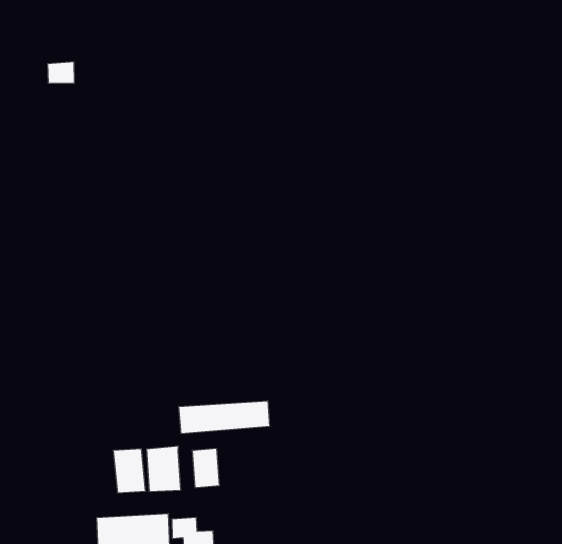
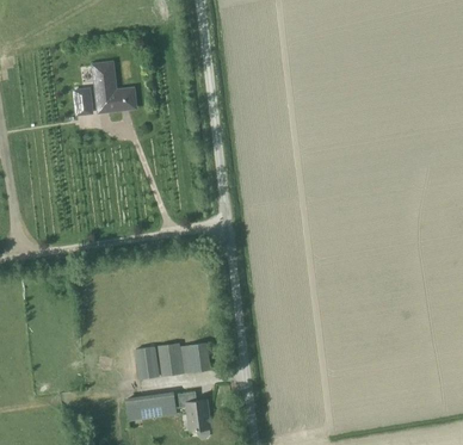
building: none -> [93,63,135,112]
building: [179,401,269,434] -> none

